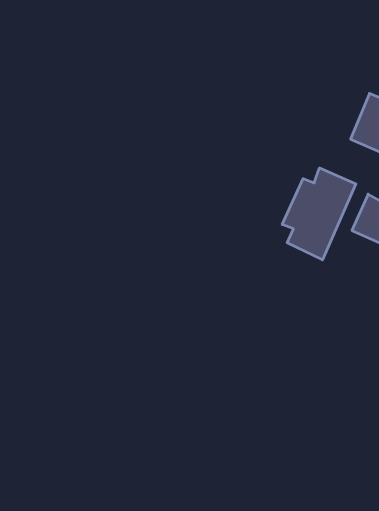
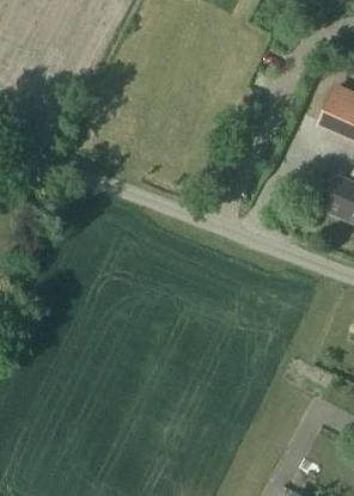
building: [282,168,356,260] -> none

